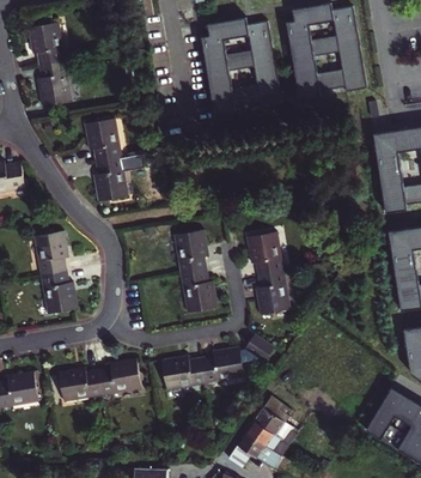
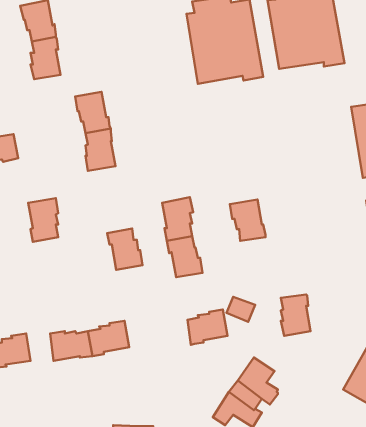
building: [41,271,78,314] -> [107,228,143,270]
building: [257,271,288,314] -> [281,294,311,336]
building: [161,357,206,388] -> none

